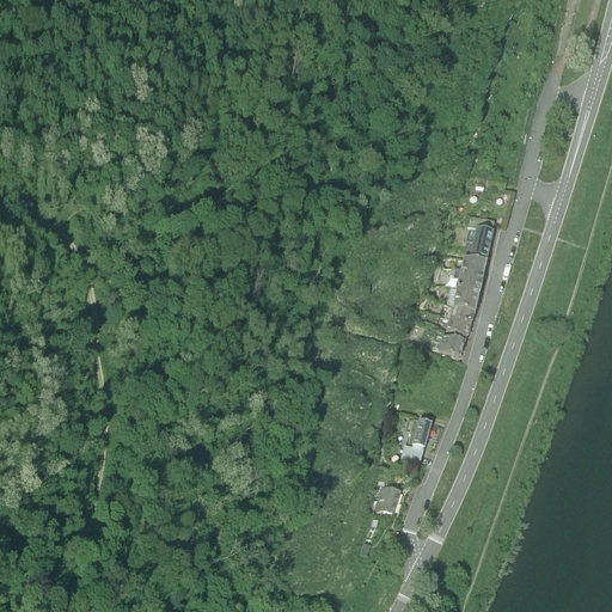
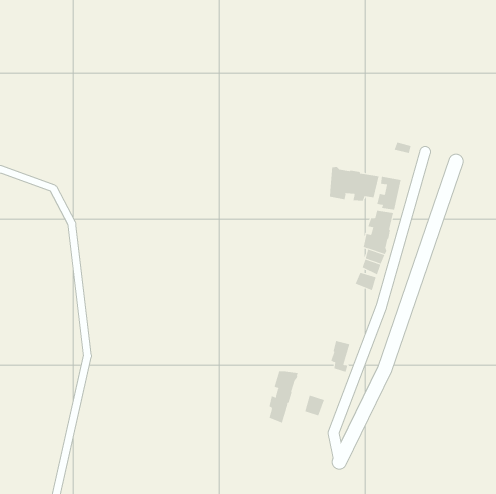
building: none -> [329,166,379,202]
building: none -> [269,370,298,424]

